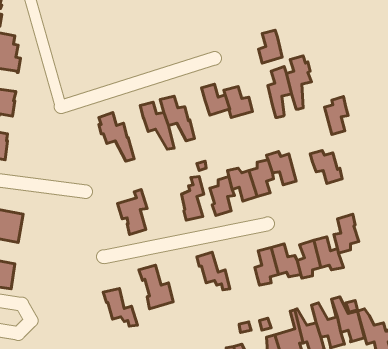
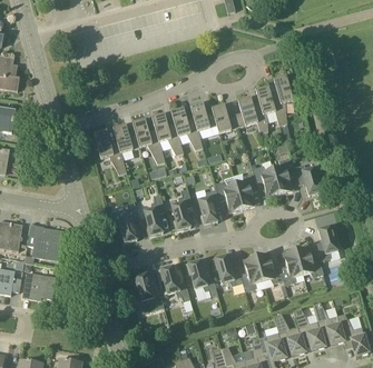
building: [259,30,282,63] -> [235,97,257,128]
building: none -> [170,108,203,150]
building: [325,97,348,134] -> [273,158,295,193]
building: none -> [112,125,140,152]
building: none -> [144,193,165,236]
building: none -> [28,227,63,260]
building: none -> [213,255,243,286]
building: none -> [23,273,55,299]
building: [103,288,137,326] -> [158,266,190,301]

